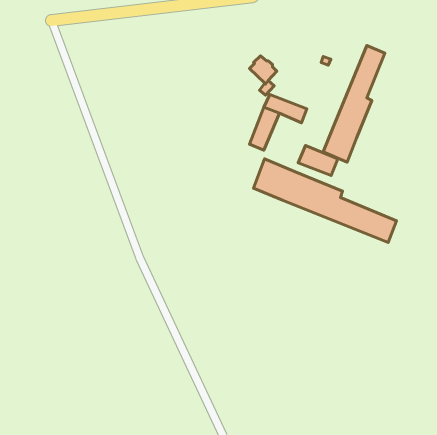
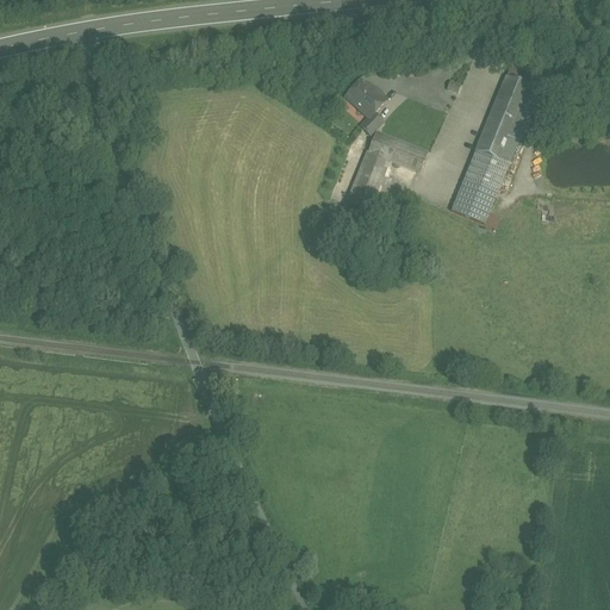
building: [298,145,338,175] -> none
building: [253,159,397,243] -> none

